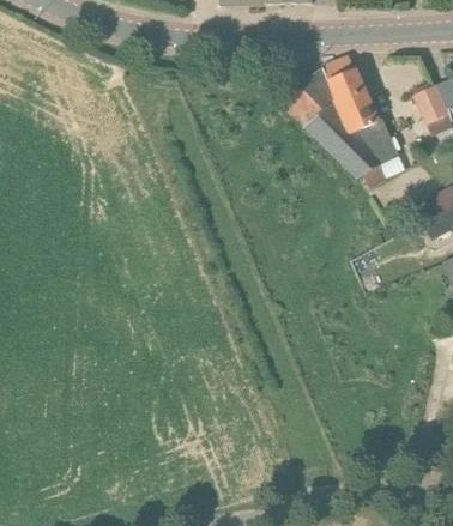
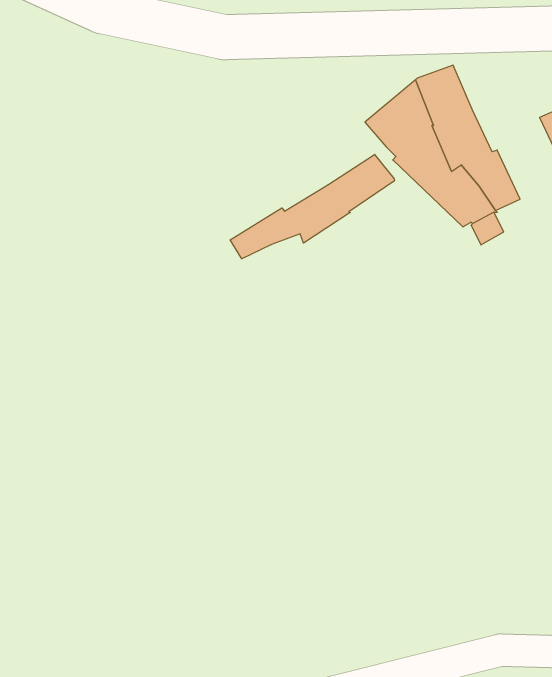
building: none -> [230,154,394,259]

